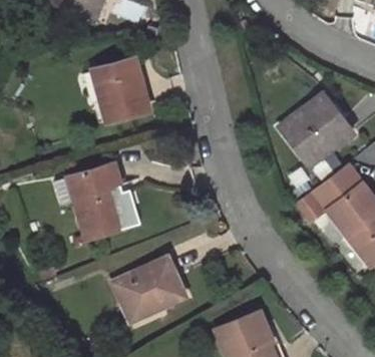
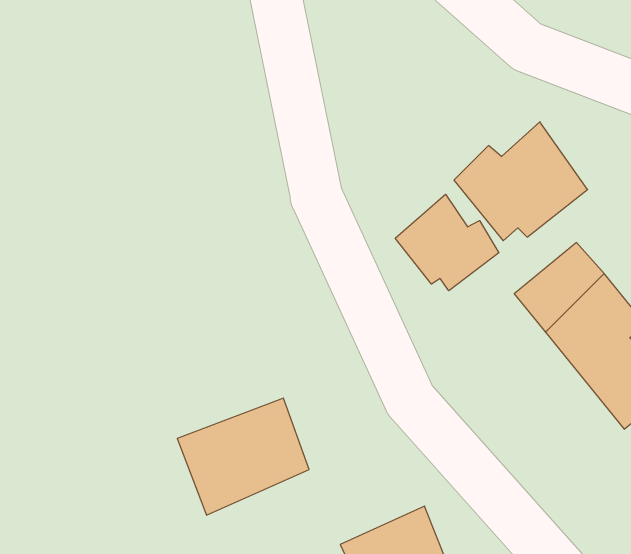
building: [90,60,149,124] -> none
building: none -> [395,194,499,291]
building: [68,165,124,245] -> none

